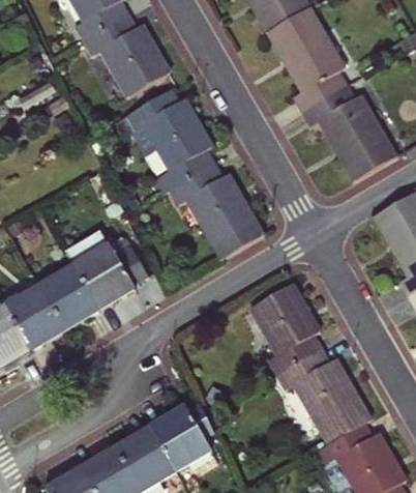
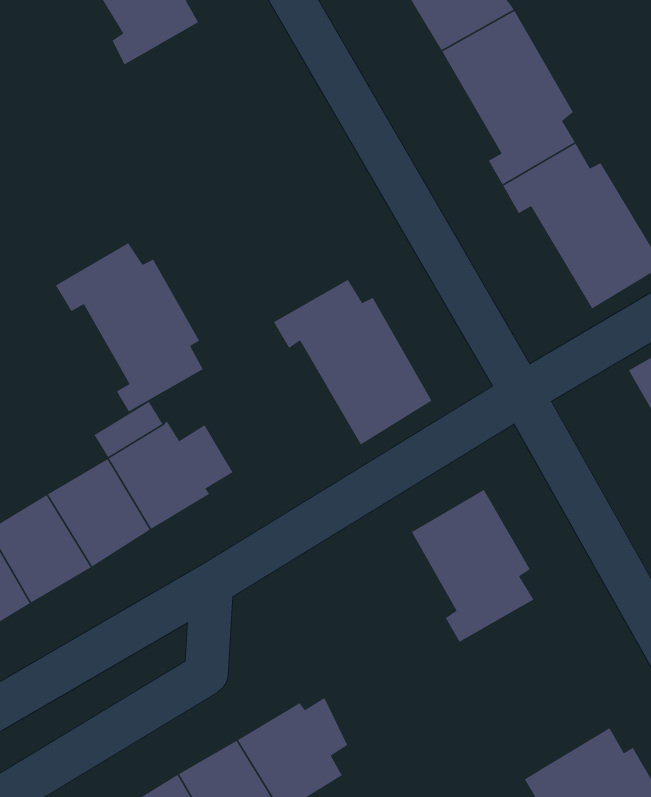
building: [84,13,169,95] -> none
building: [127,88,213,186] -> [55,242,204,413]
building: [277,347,370,442] -> none

